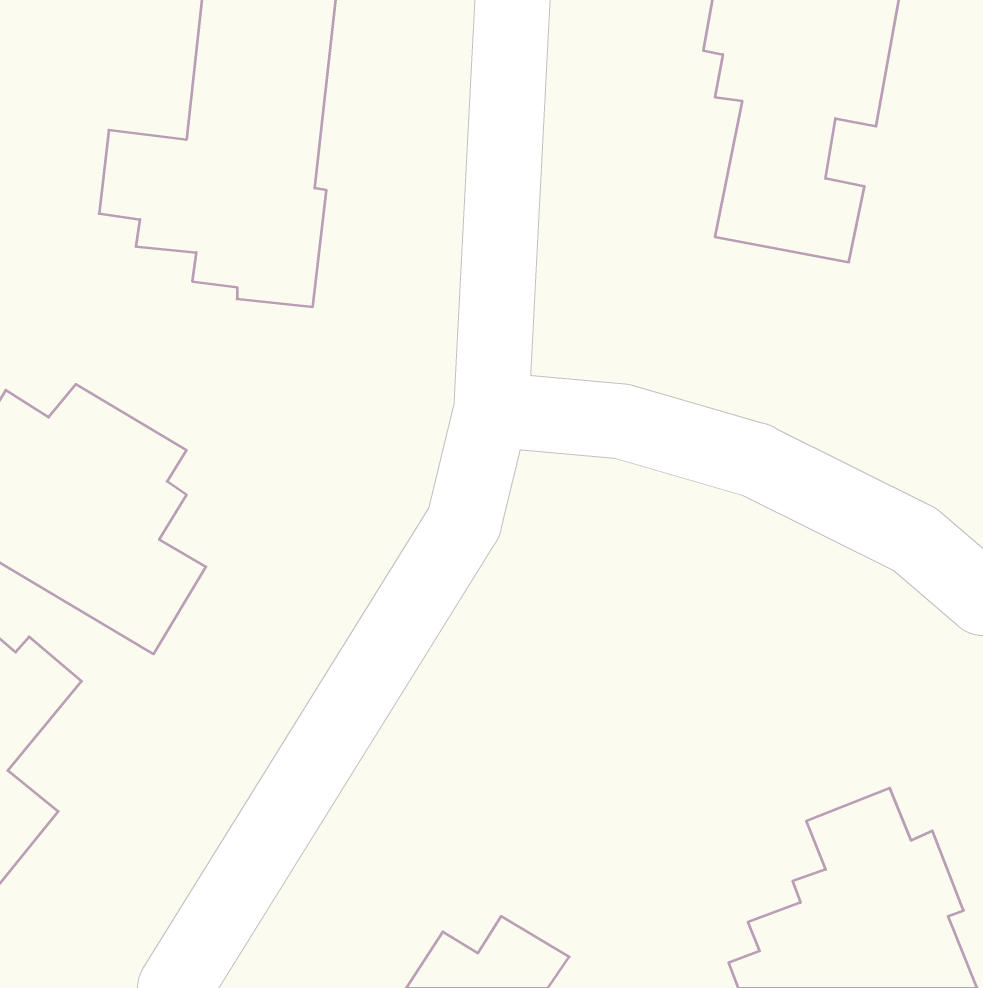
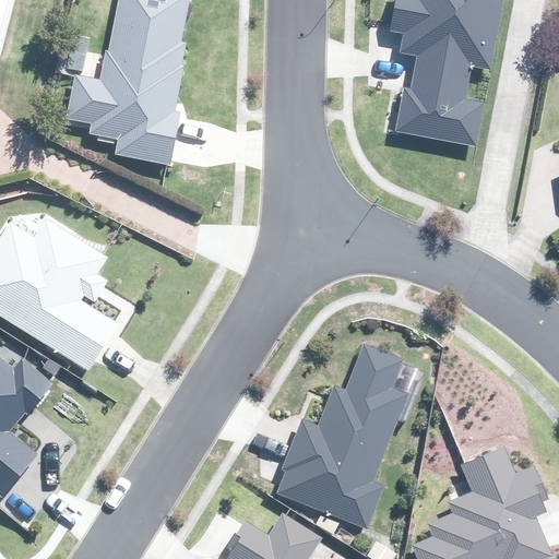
building: none -> [275,345,424,527]

